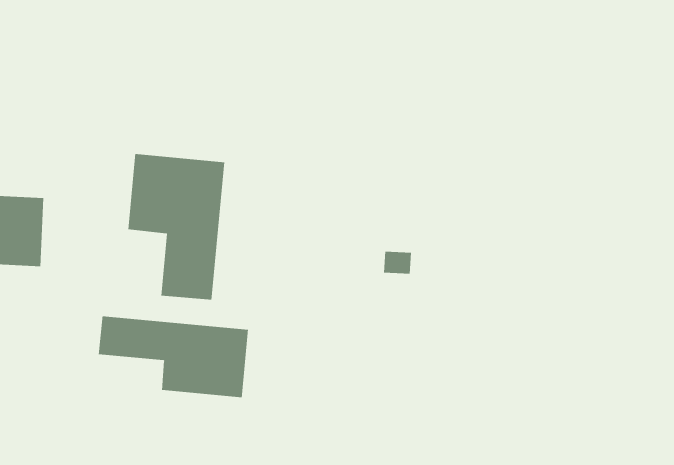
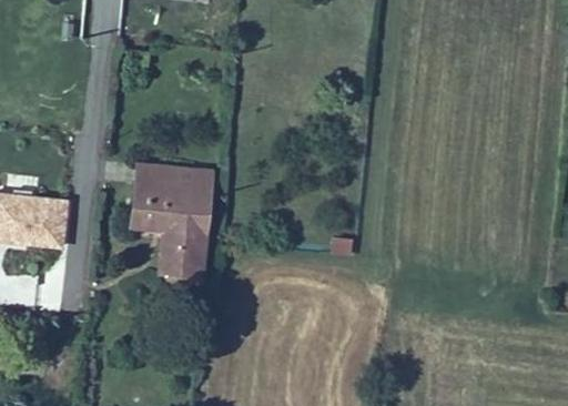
building: [98,315,249,398] -> none

